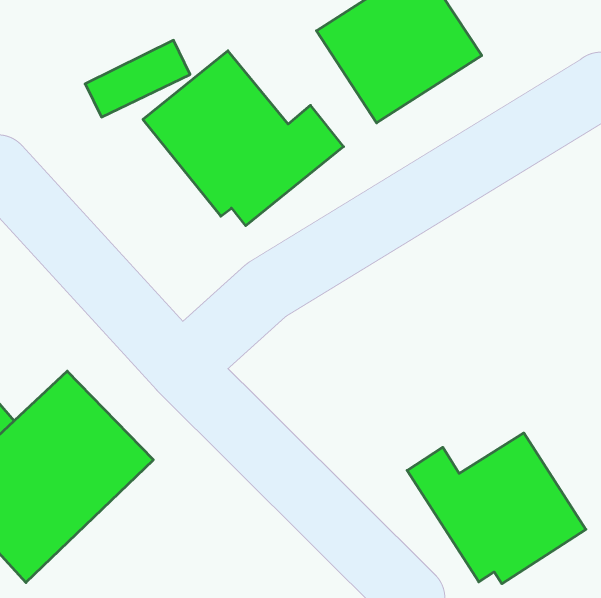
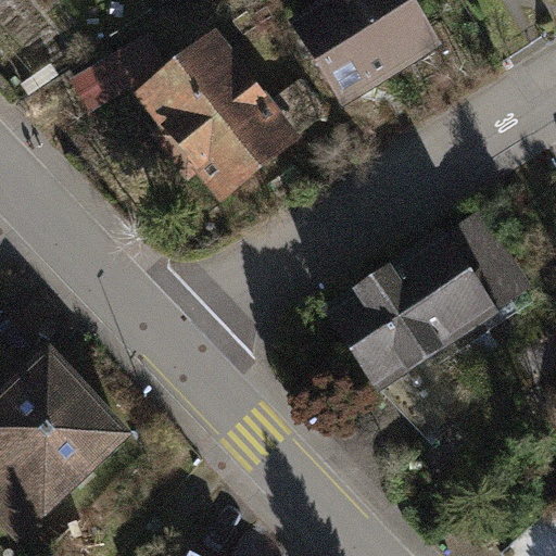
building: none -> [328,201,534,382]
building: [407,433,586,584] -> none

